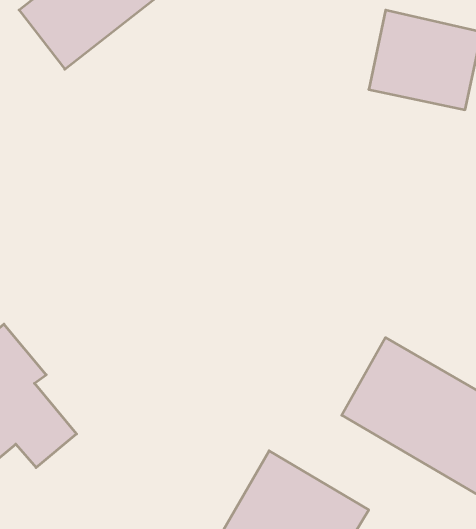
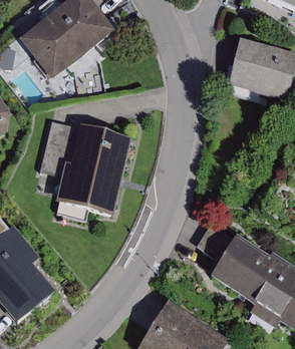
building: none -> [39,119,132,211]

